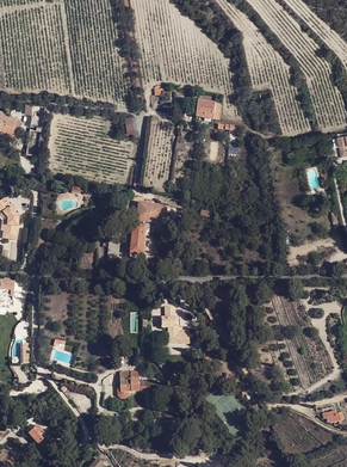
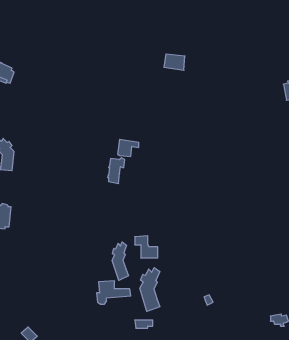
building: none -> [112,242,128,280]
building: none -> [140,268,160,311]

